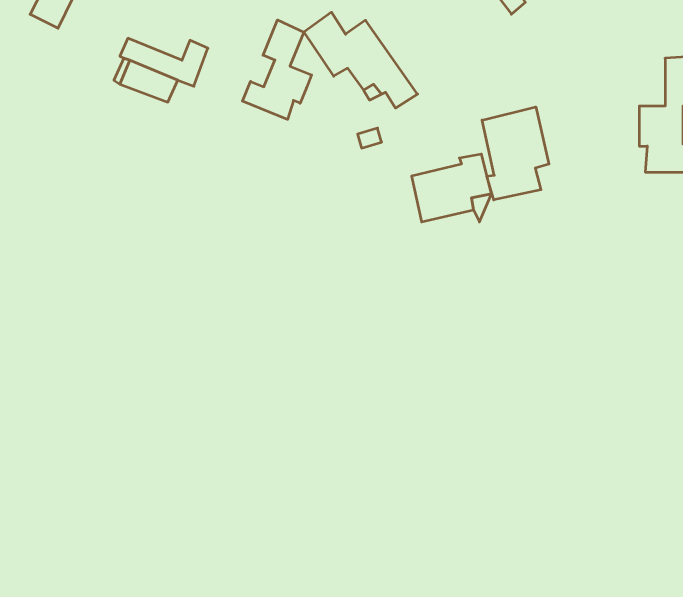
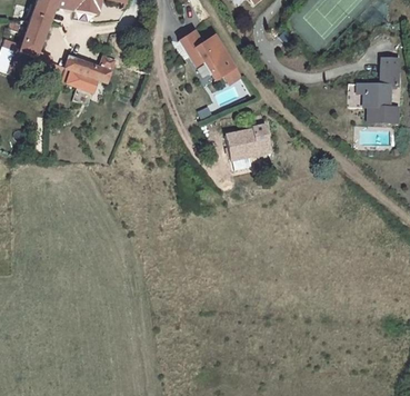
building: [242,20,312,119] -> none
building: [482,107,549,200] -> none

